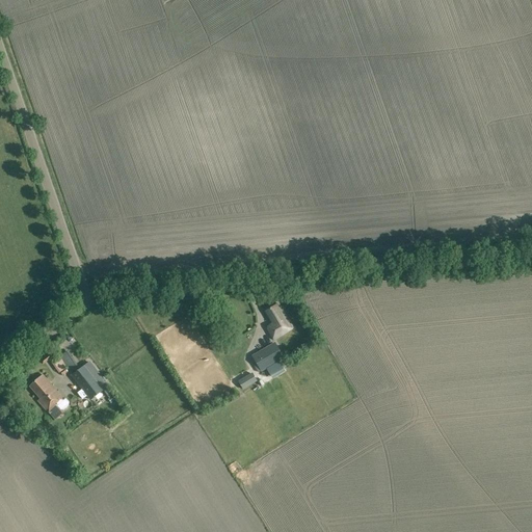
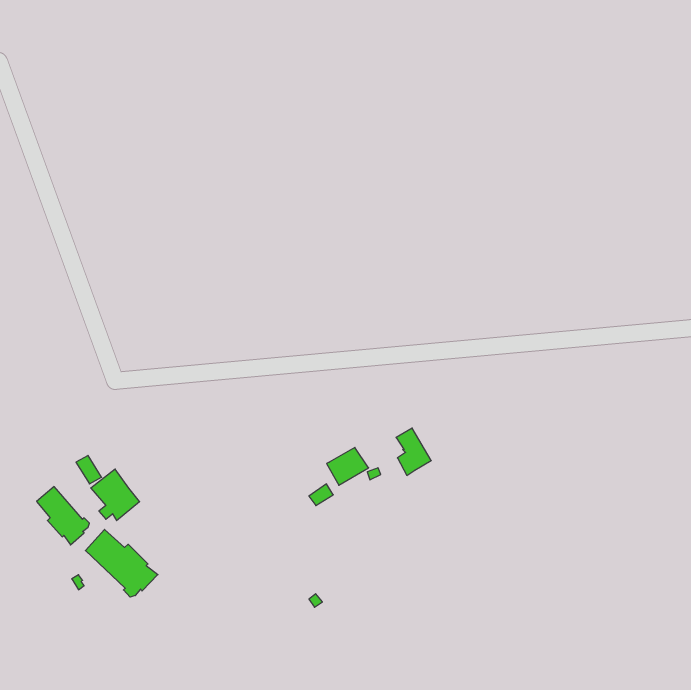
building: [264,302,291,339] -> [396,428,431,475]
building: none -> [85,529,158,597]

